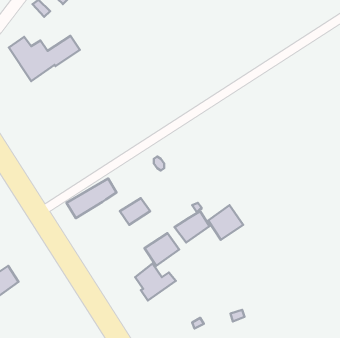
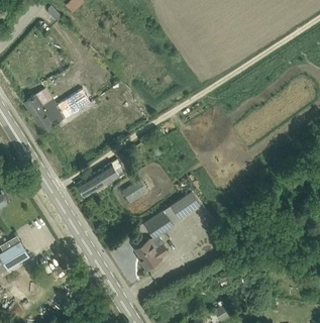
building: [9,36,80,81] -> [24,93,86,132]
building: [208,205,243,240] -> none

